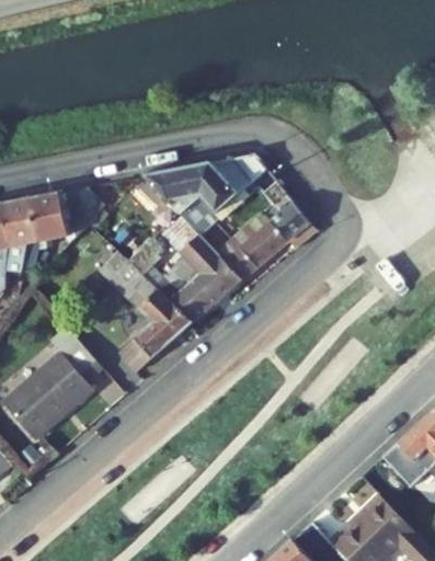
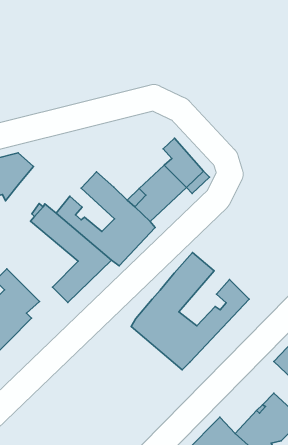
building: [141,156,266,237] -> none
building: none -> [131,253,249,370]

